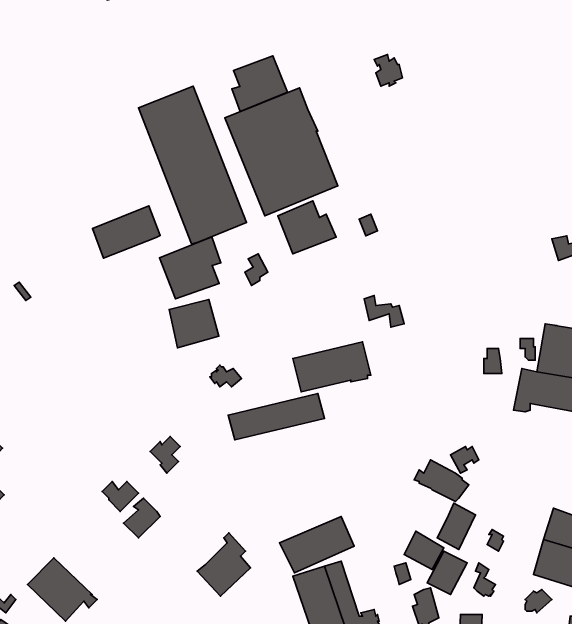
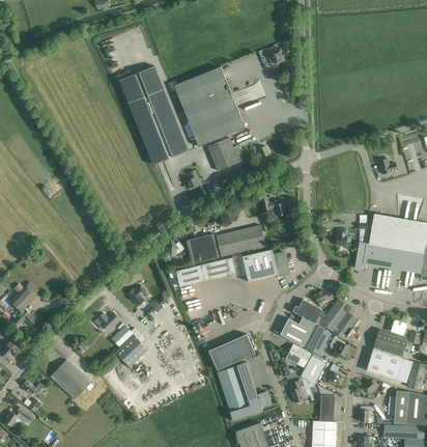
building: [232,56,287,112] -> none
building: [92,206,160,258] -> none
building: [160,237,221,299] -> none
building: [169,300,219,348] -> [190,234,221,264]
building: none -> [243,249,287,281]
building: none -> [320,298,358,337]
building: none -> [280,316,316,346]
building: [197,533,250,596] -> [115,328,148,367]

